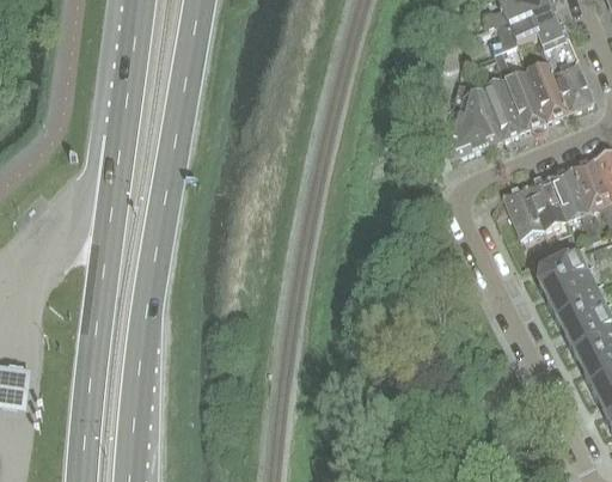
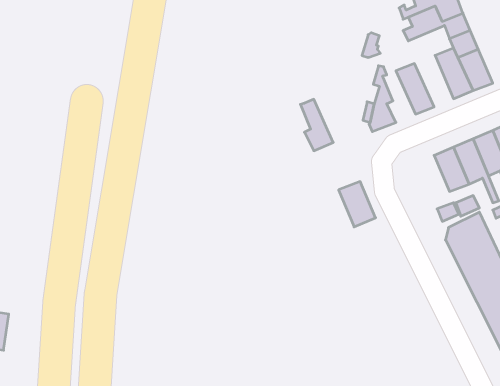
building: [496,54,550,129] -> none
building: [467,87,506,147] -> [300,99,333,151]
building: [502,185,545,238] -> [339,182,376,227]

